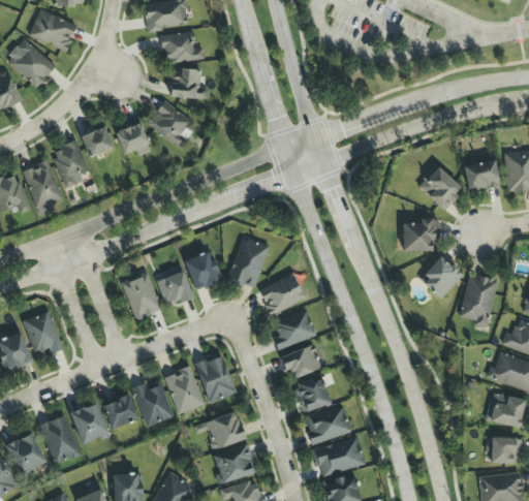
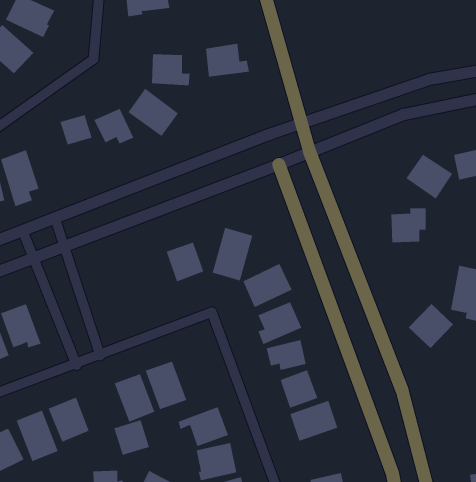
building: [160,31,204,64] -> [205,43,250,77]
building: [50,140,89,188] -> none
building: [418,255,463,300] -> [408,303,454,349]
building: [154,265,193,308] -> none
building: [121,272,161,320] -> none
building: [194,354,236,403] -> none
building: [102,393,137,428] -> [114,420,150,456]
building: [313,437,365,476] -> none

